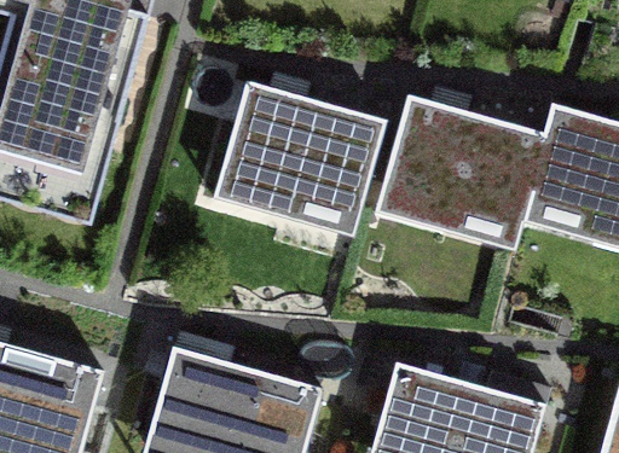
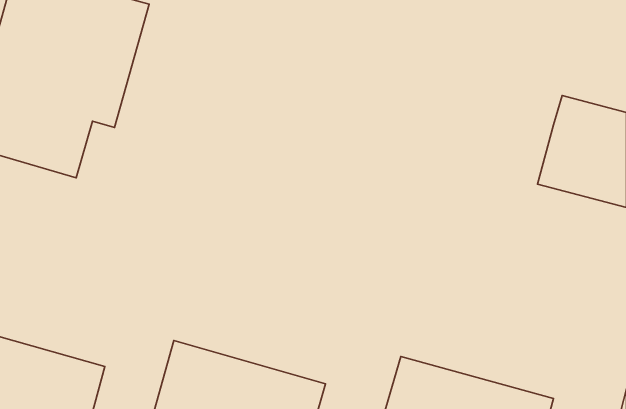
building: [213,81,386,217] -> none
building: [382,97,544,222] -> none

